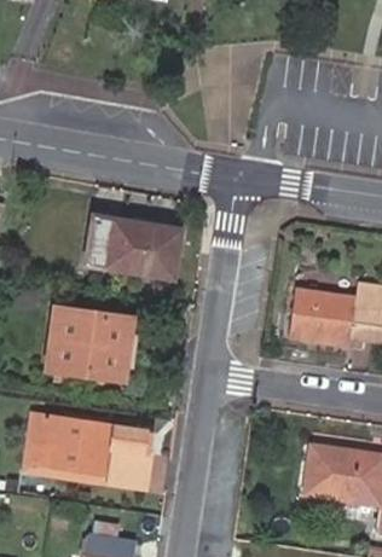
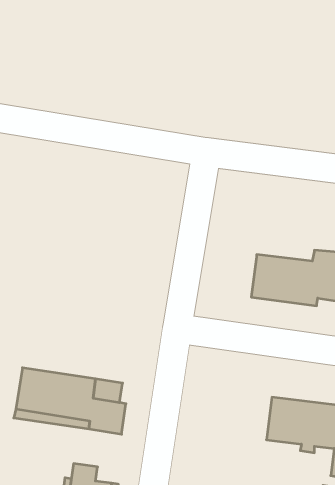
building: [87,216,180,277] -> none
building: [47,309,129,378] -> none

